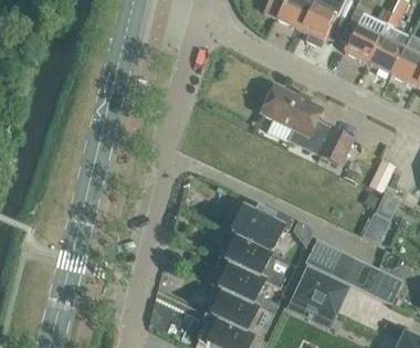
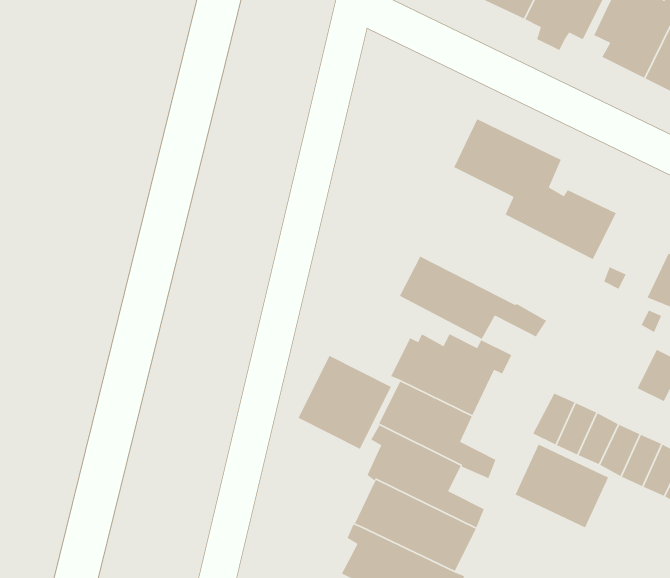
building: none -> [399,256,547,340]
building: none -> [297,355,392,450]

